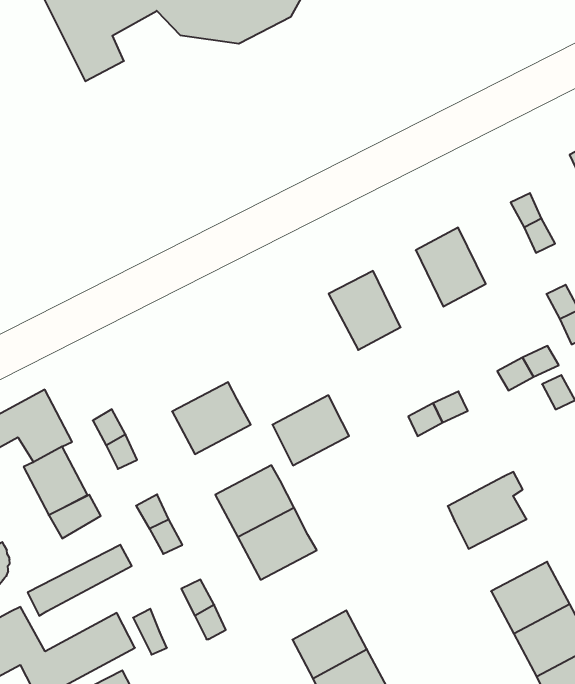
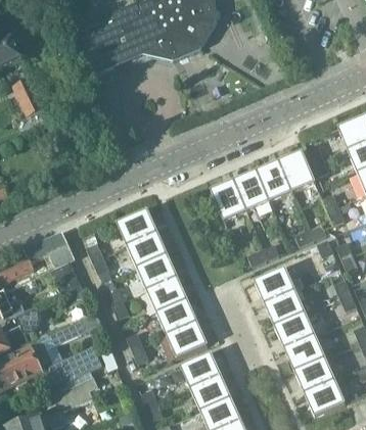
building: none -> [279,152,314,191]
building: none -> [234,172,269,210]
building: none -> [117,209,156,246]
building: [272,395,349,465] -> [137,255,176,290]
building: none -> [255,268,294,303]
building: none -> [274,313,314,348]
building: none -> [167,322,207,357]

